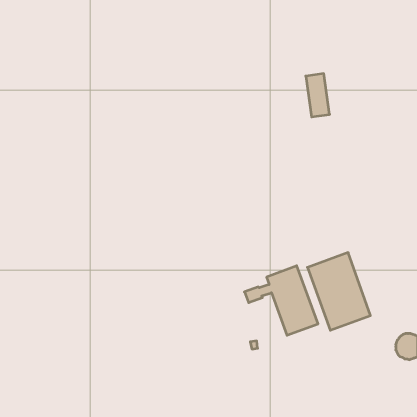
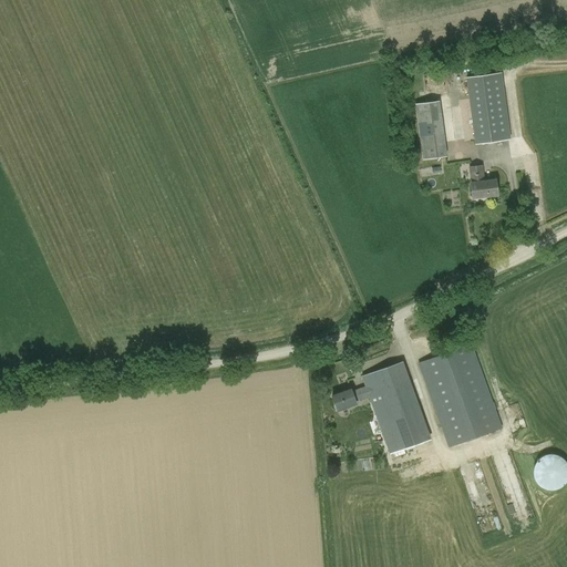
building: none -> [468,72,508,144]
building: none -> [470,164,498,197]

